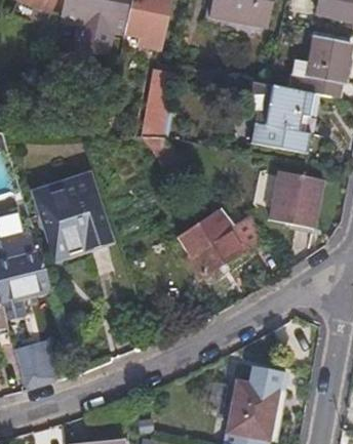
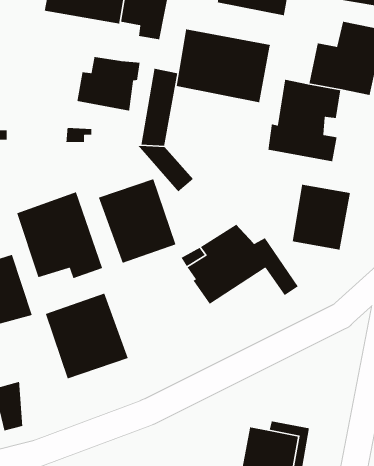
building: none -> [176,29,271,103]
building: none -> [77,56,140,112]
building: none -> [98,178,177,264]
building: none -> [45,293,129,379]

